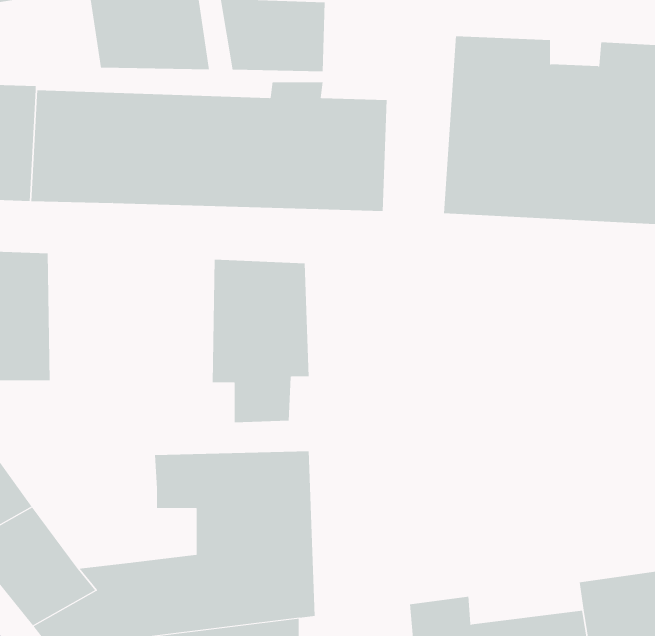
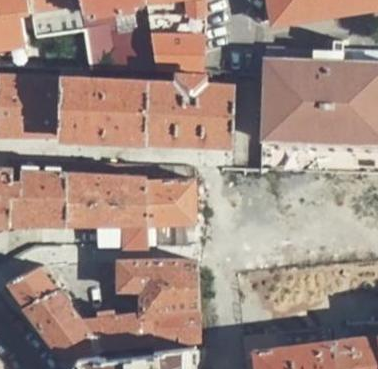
building: none -> [63,163,146,248]

